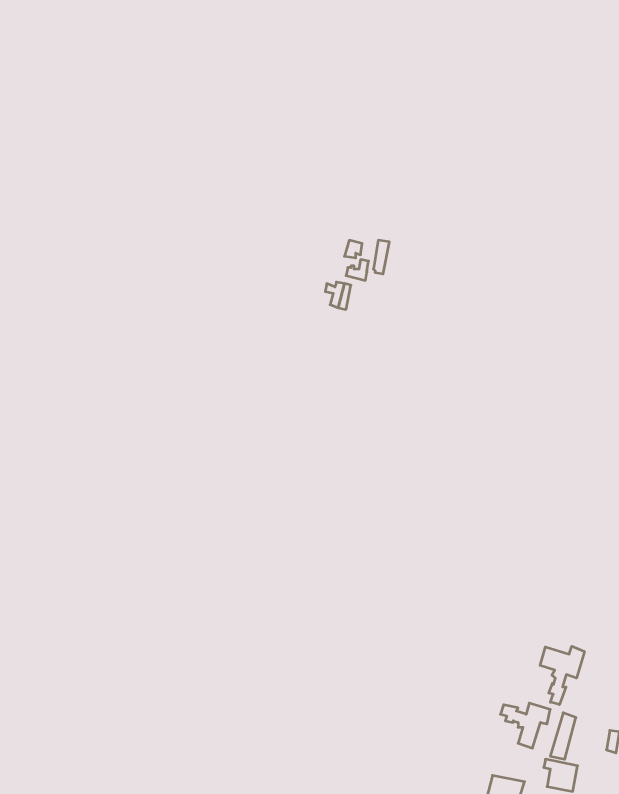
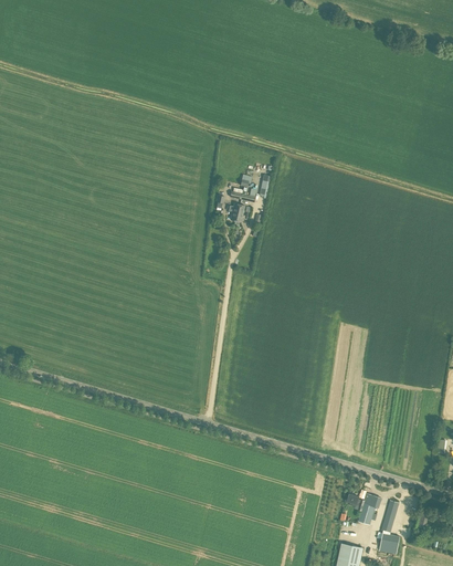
building: [540,646,584,705] -> none

